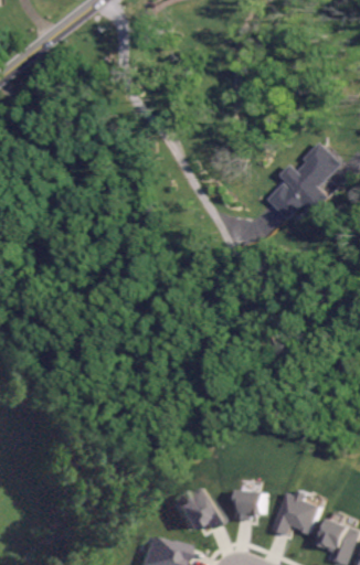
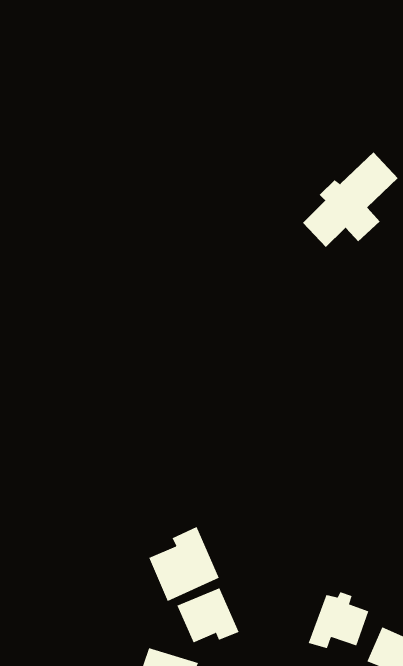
building: none -> [148,526,220,602]
building: [232,491,264,521] -> none

